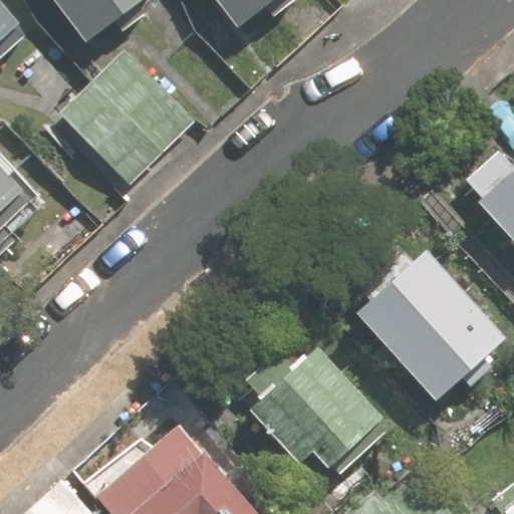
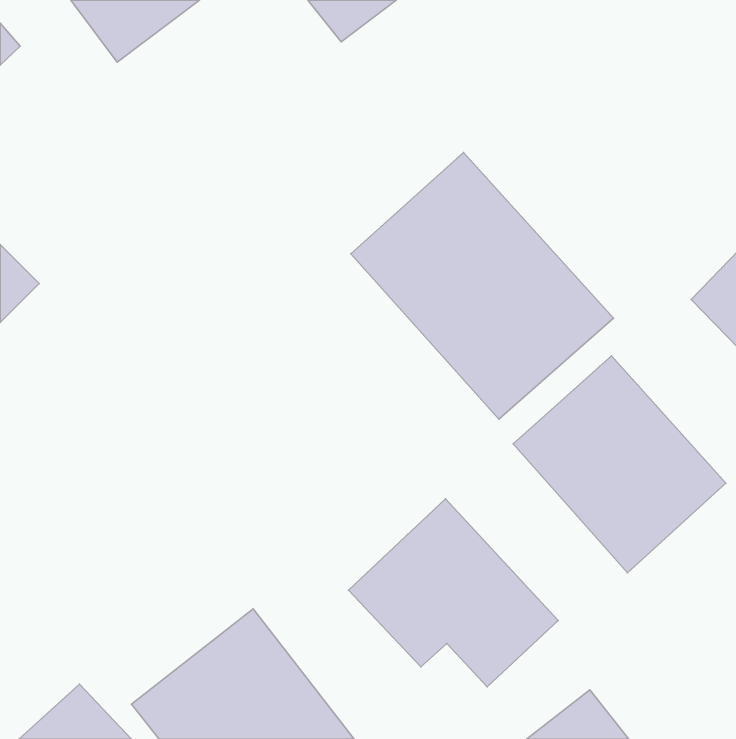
building: [59,46,199,186] -> none
building: none -> [351,153,613,419]

